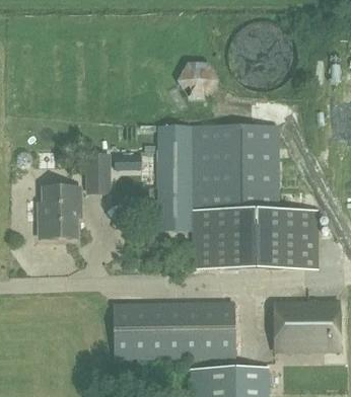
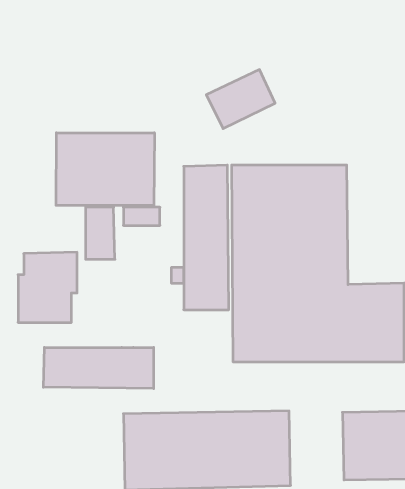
building: none -> [56,133,154,205]
building: none -> [43,347,154,389]

